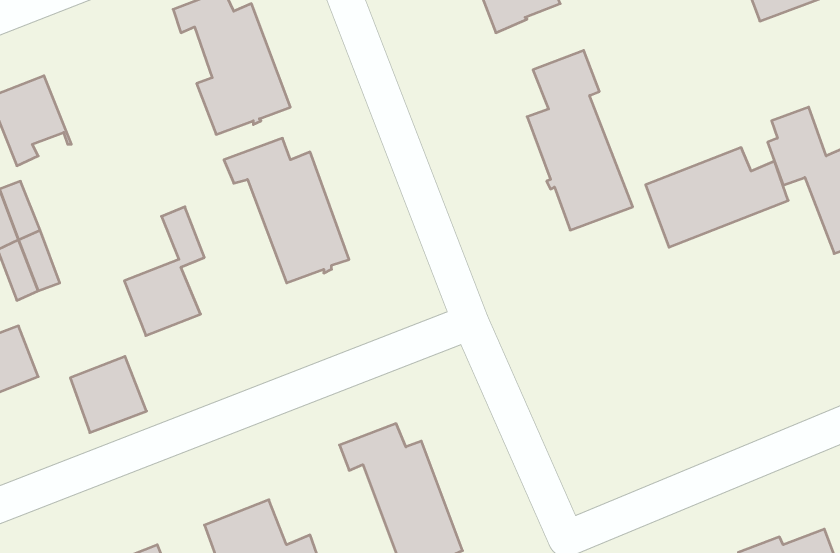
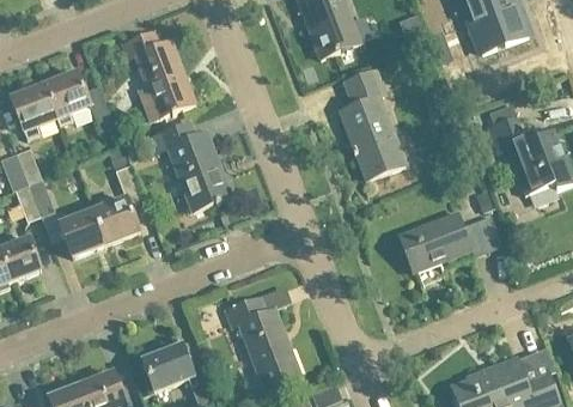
building: none -> [44,71,115,130]
building: [646,148,788,247] -> [398,211,486,272]
building: [70,356,147,433] -> [60,209,106,256]

